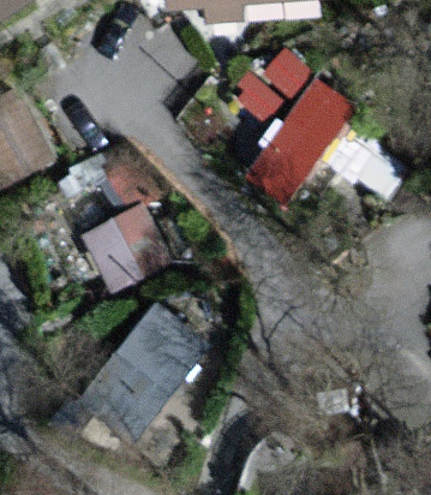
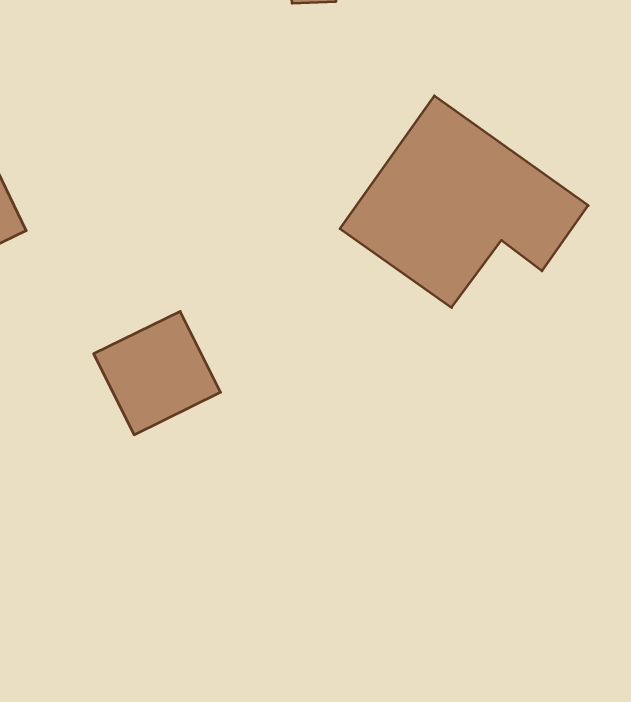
building: [91,312,205,439] -> none

